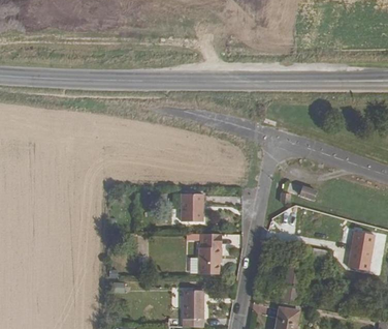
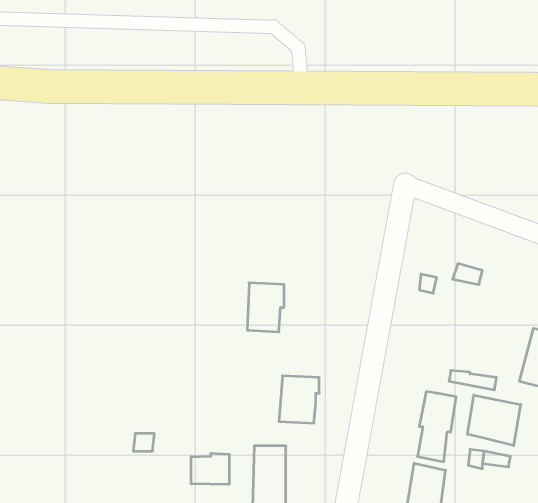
building: none -> [467,395,521,446]
building: none -> [191,453,229,484]

